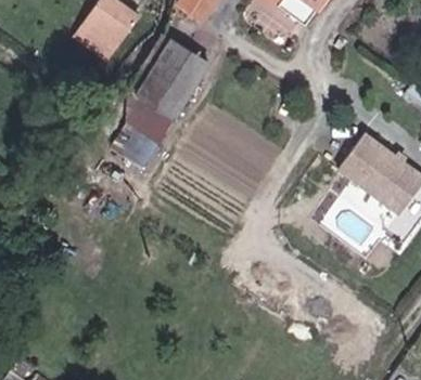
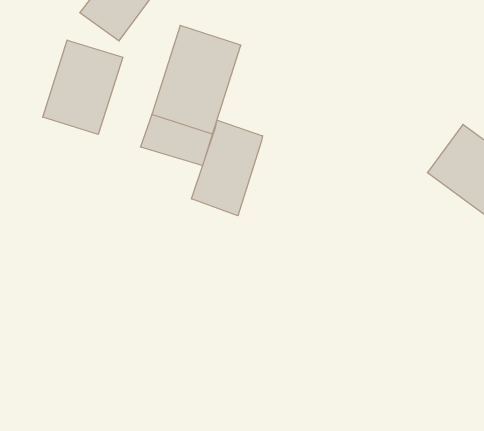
building: none -> [43,40,123,134]
building: none -> [191,120,263,216]

